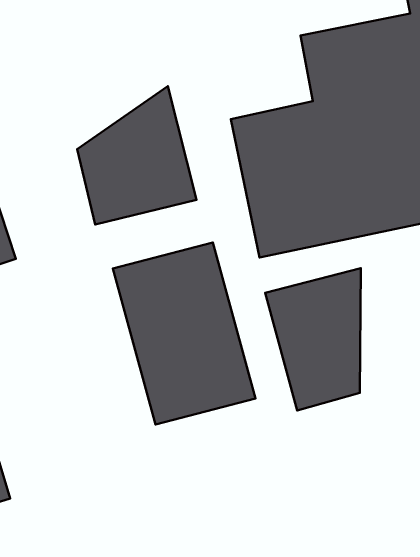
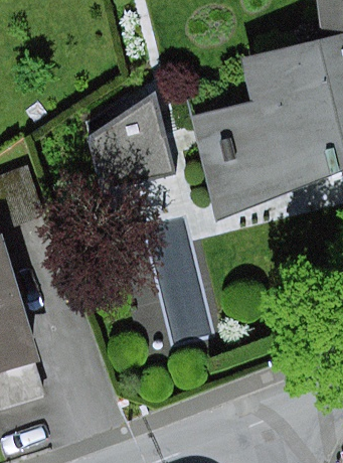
building: [265,268,361,410] -> none

